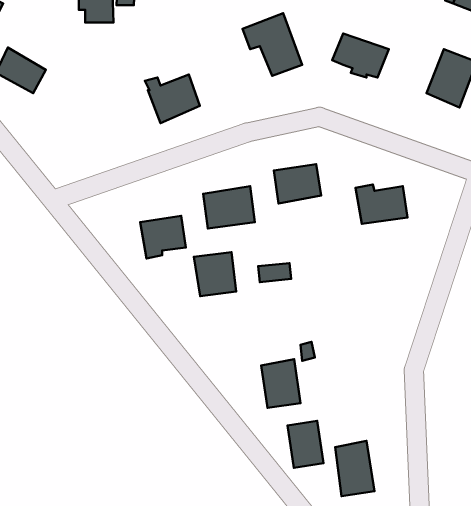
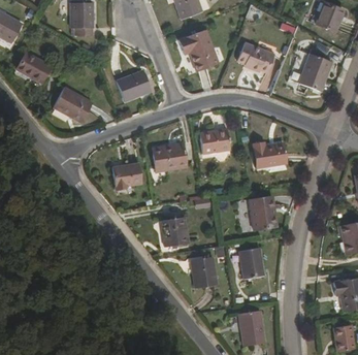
building: none -> [53,87,92,122]
building: [194,252,236,296] -> [161,217,189,246]
building: none -> [250,195,278,230]
building: [287,421,324,468] -> [240,248,264,279]

